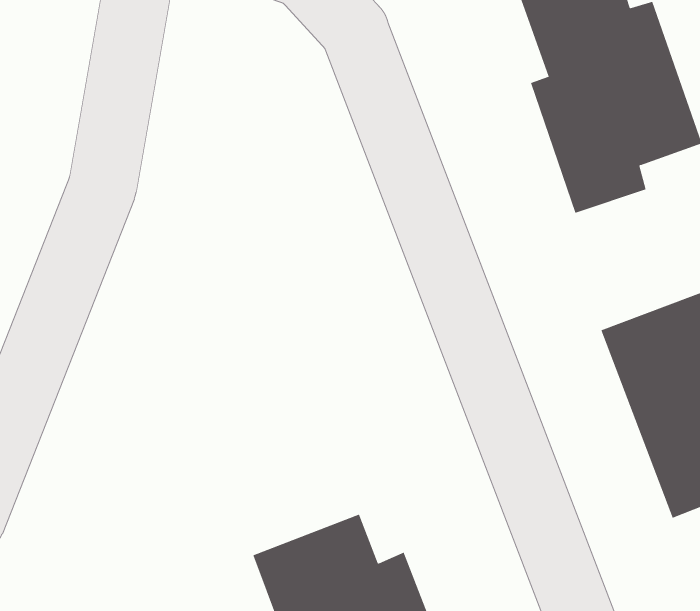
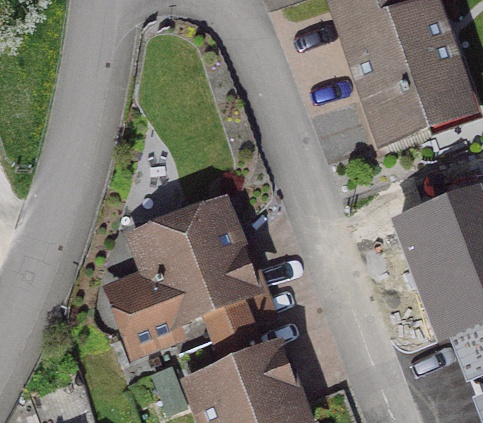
building: none -> [117,210,250,356]

